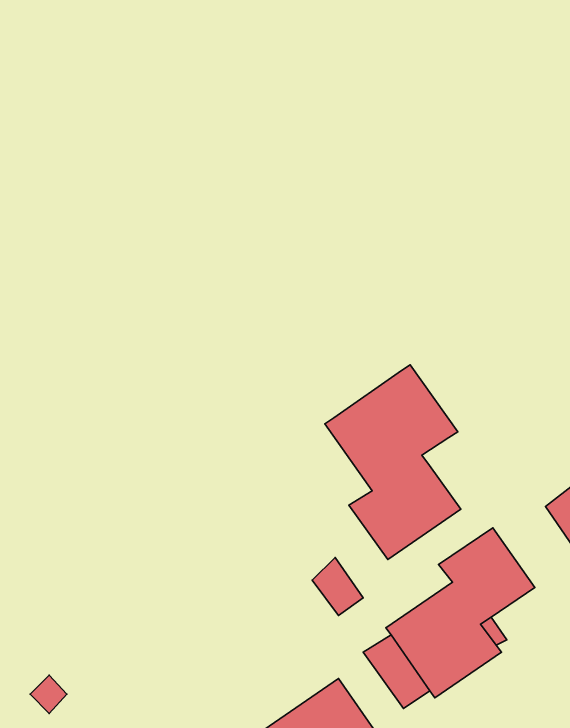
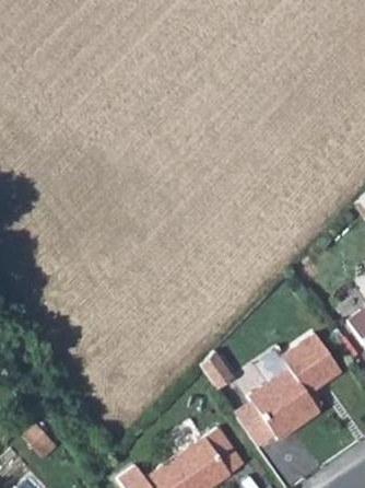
building: [325,365,461,559] -> none

